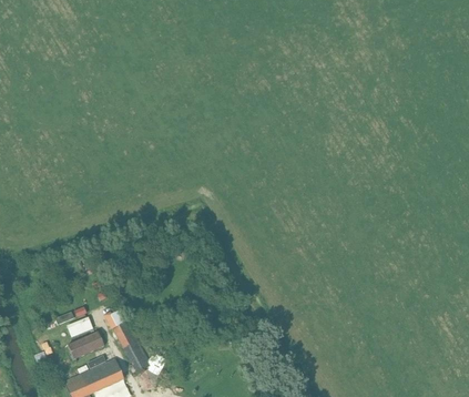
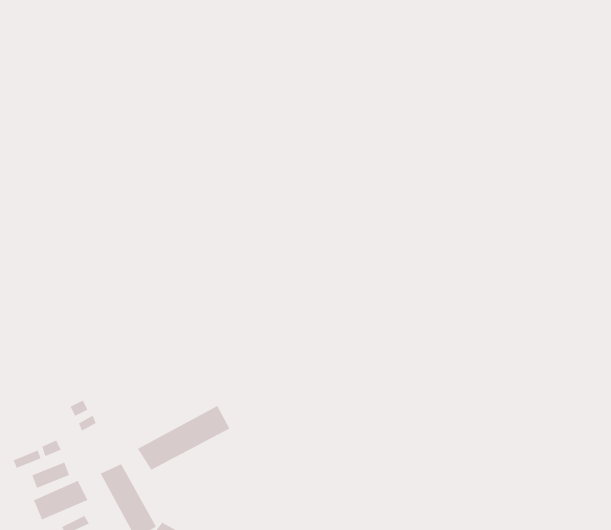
building: none -> [137,405,230,470]

